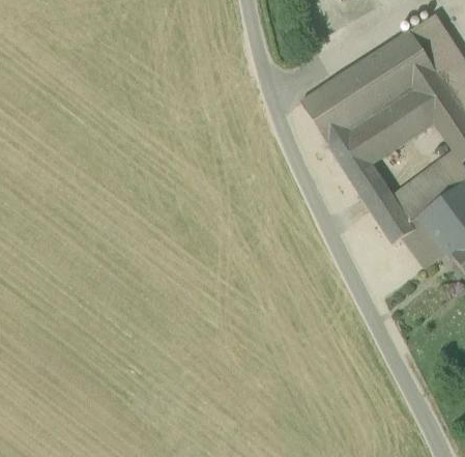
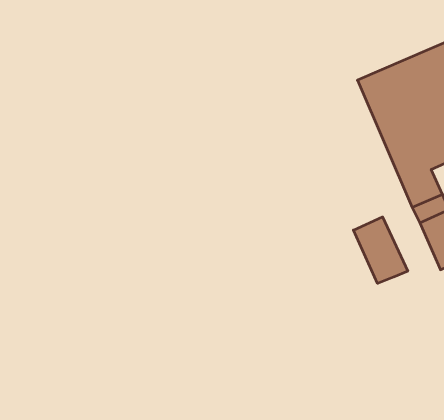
building: none -> [353,217,408,283]

